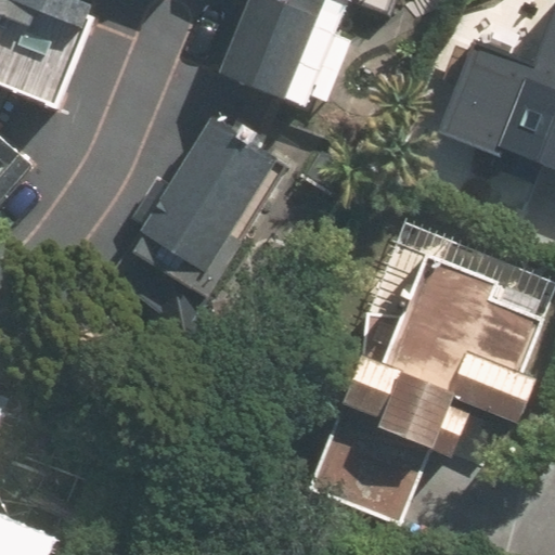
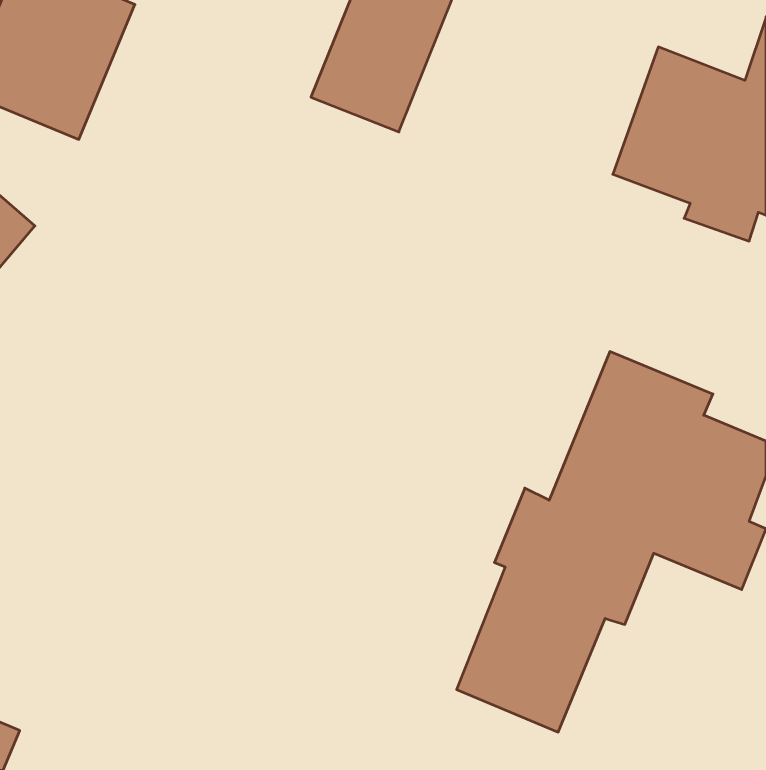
building: [108,117,284,326] -> none

